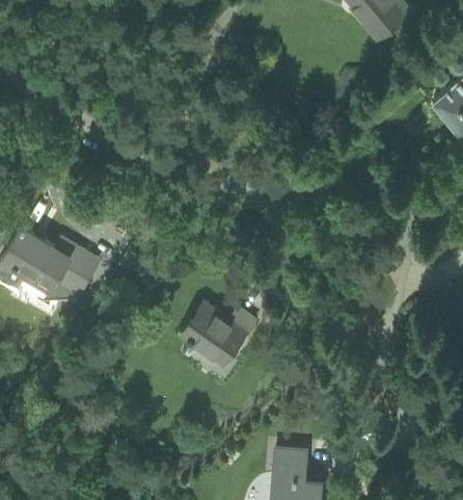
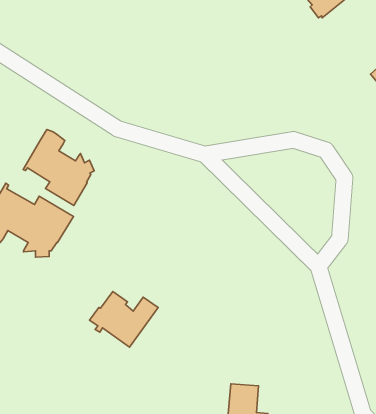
building: none -> [23,129,94,205]
building: [179,302,255,365] -> [90,292,158,347]

